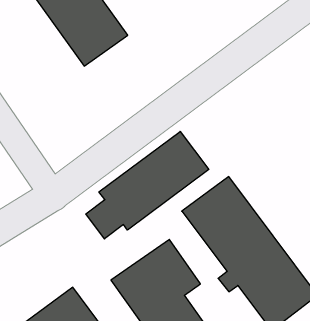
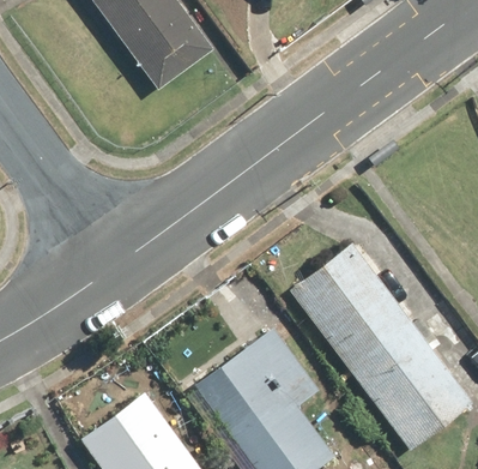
building: [86,131,209,239] -> none

